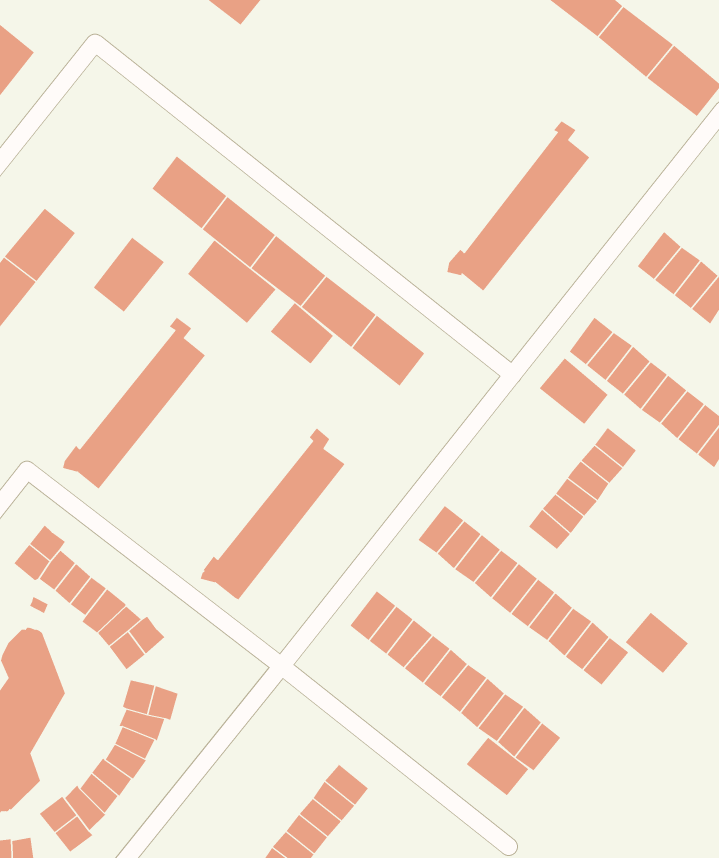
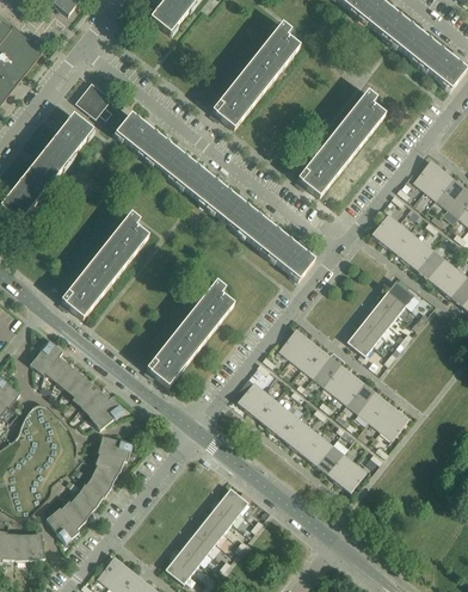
building: none -> [210,21,300,128]
building: none -> [79,86,111,123]
building: [93,237,165,313] -> [49,113,93,160]
building: [187,239,277,324] -> none
building: [270,302,334,365] -> none
building: none -> [267,234,314,279]
building: [539,358,608,425] -> none
building: [625,612,689,674] -> none
building: [466,737,529,796] -> none

